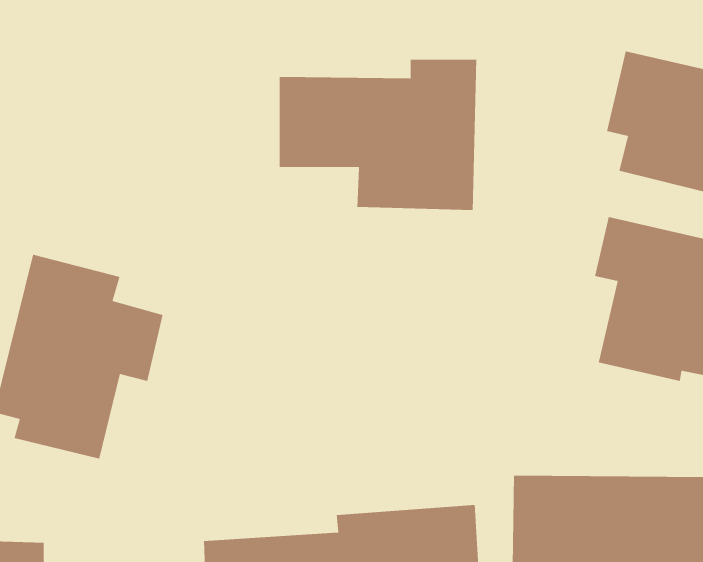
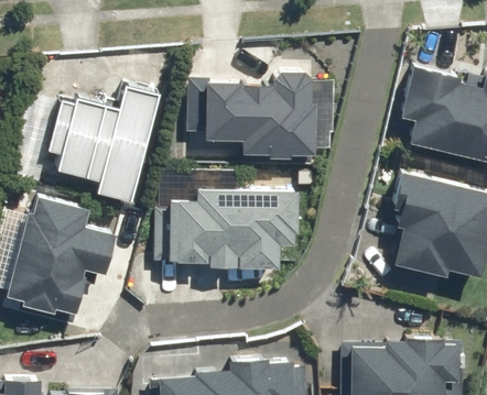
building: none -> [47,83,159,200]
building: none -> [154,187,299,267]

